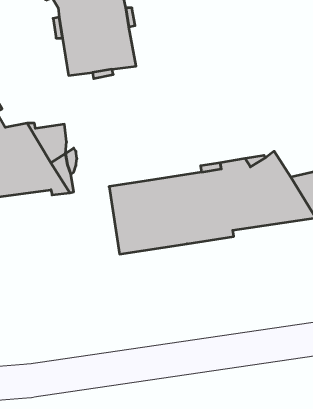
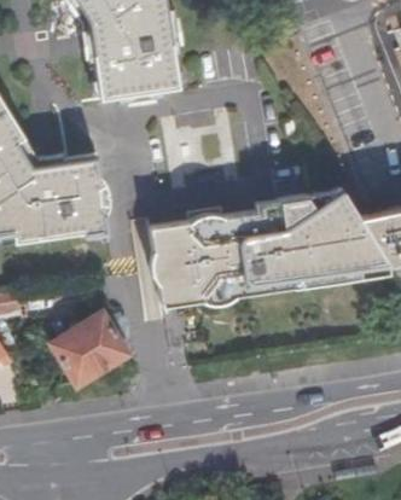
building: none -> [54,314,129,385]

